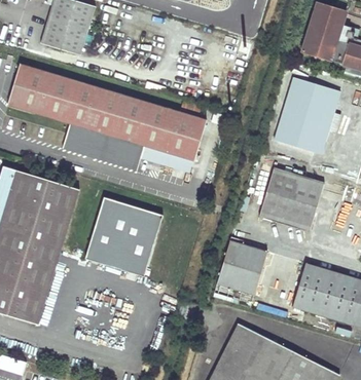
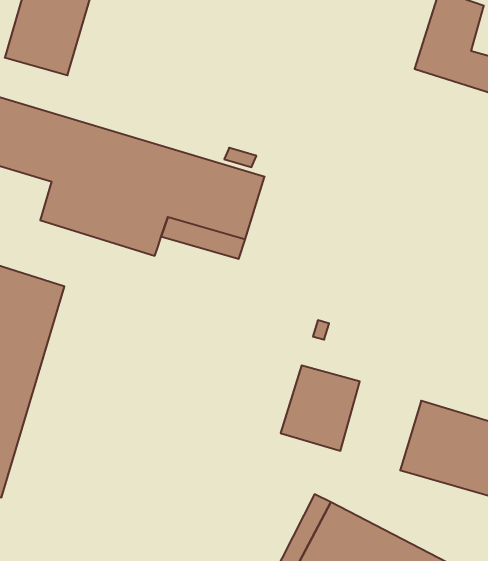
building: [275,77,341,153] -> none
building: [258,167,323,231] -> none
building: [84,197,163,276] -> none

